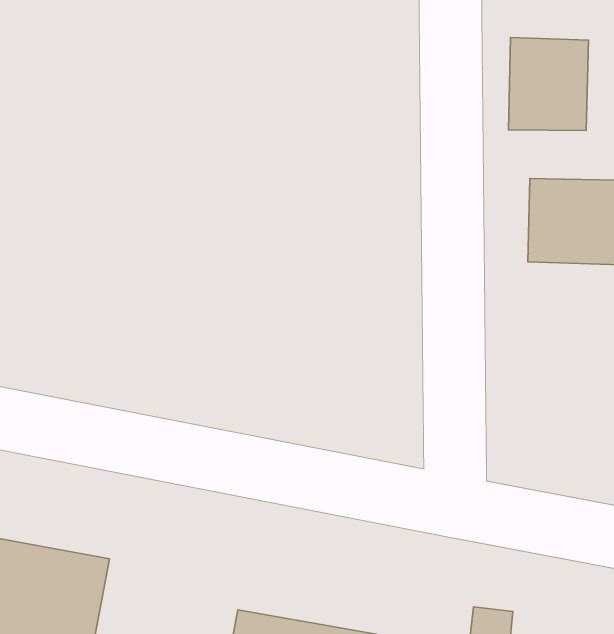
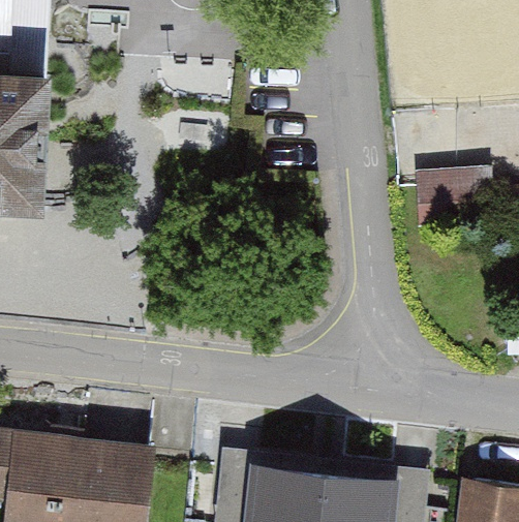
building: [508,38,589,131] -> none

